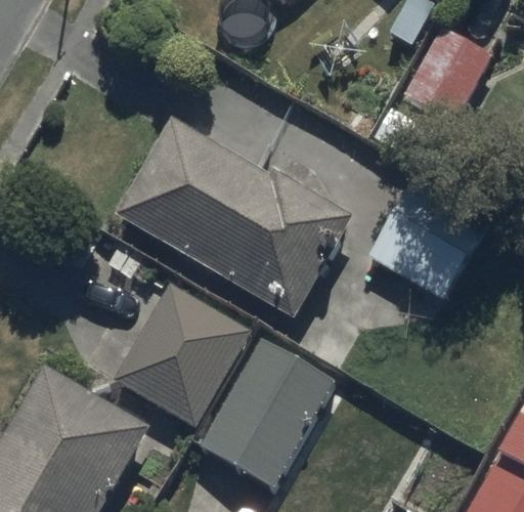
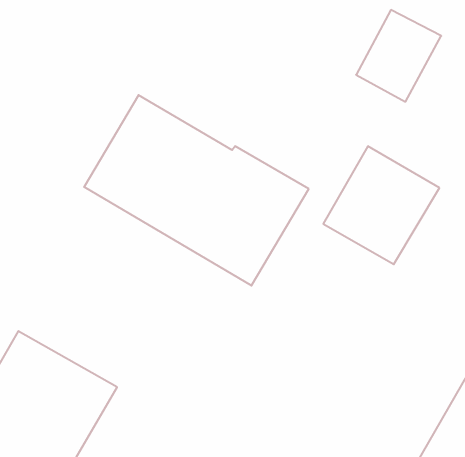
building: [117,285,251,425] -> none
building: [201,337,336,486] -> none

